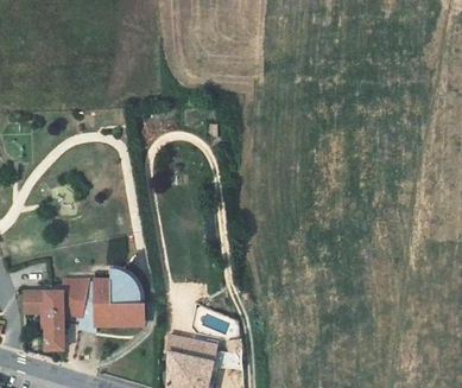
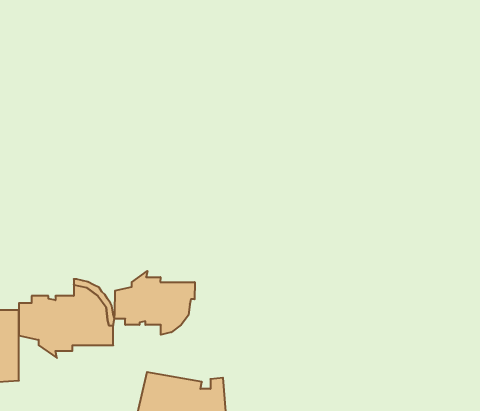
building: none -> [115,271,195,335]

